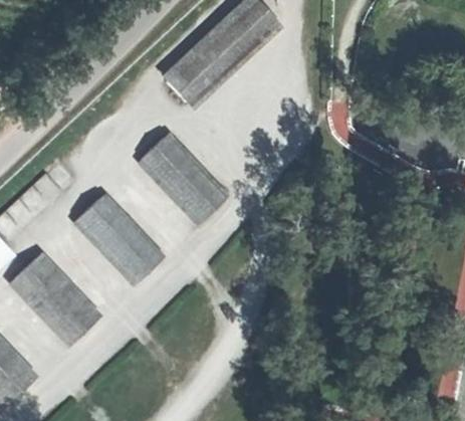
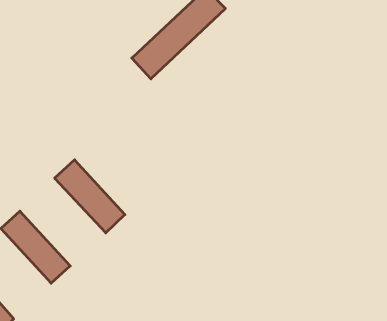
building: [144,134,226,219] -> none

